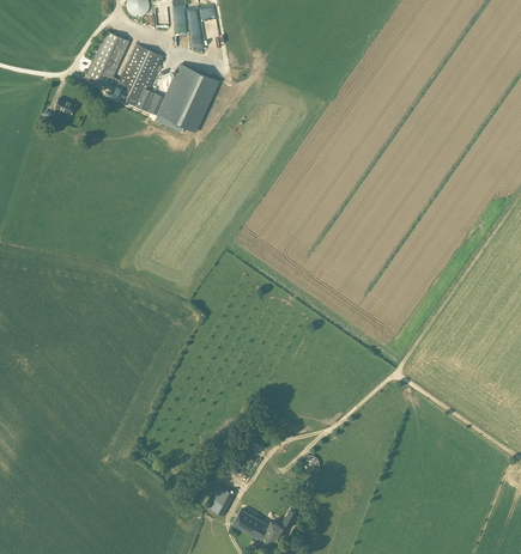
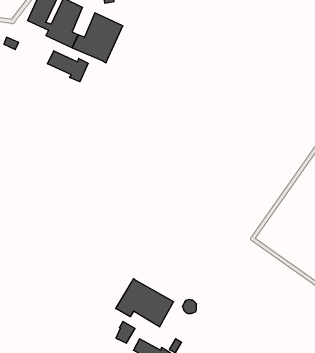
building: none -> [48,51,88,82]
building: none -> [116,279,173,327]

